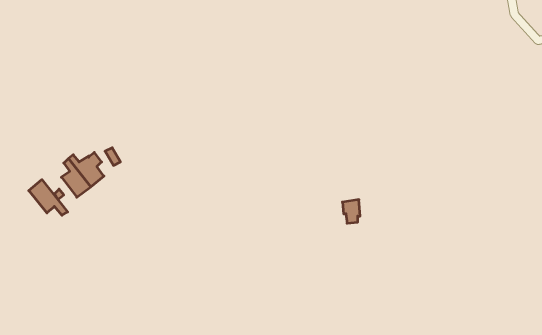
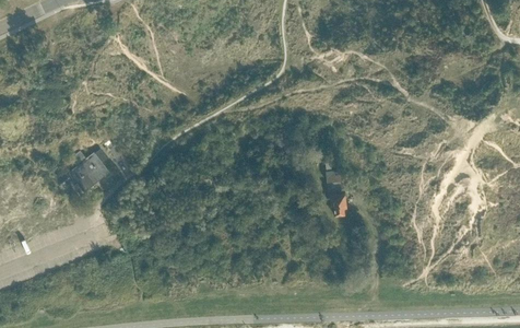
building: [29,180,68,215] -> none

